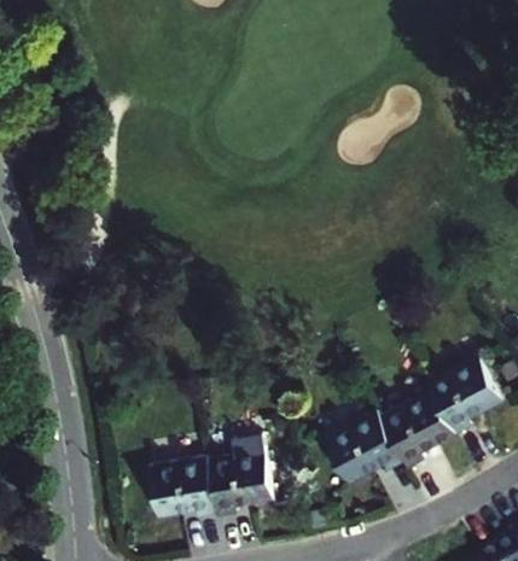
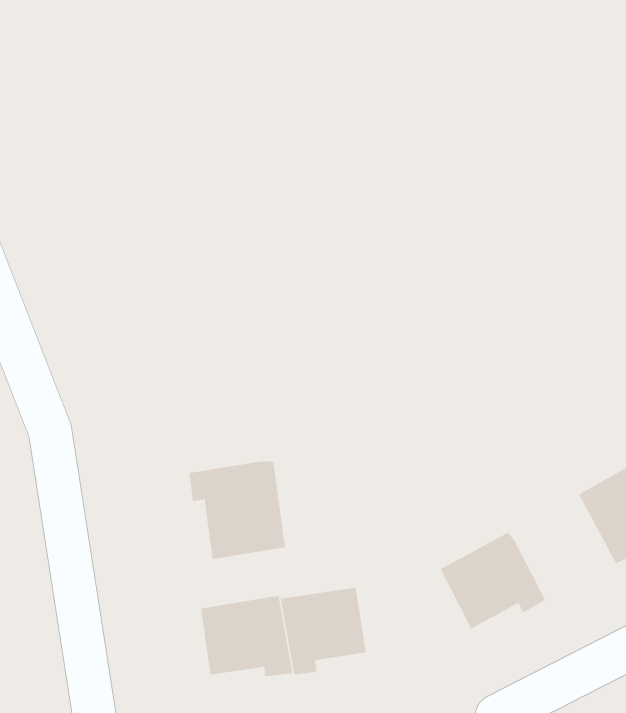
building: none -> [189,461,286,560]
building: [383,388,458,466] -> none

